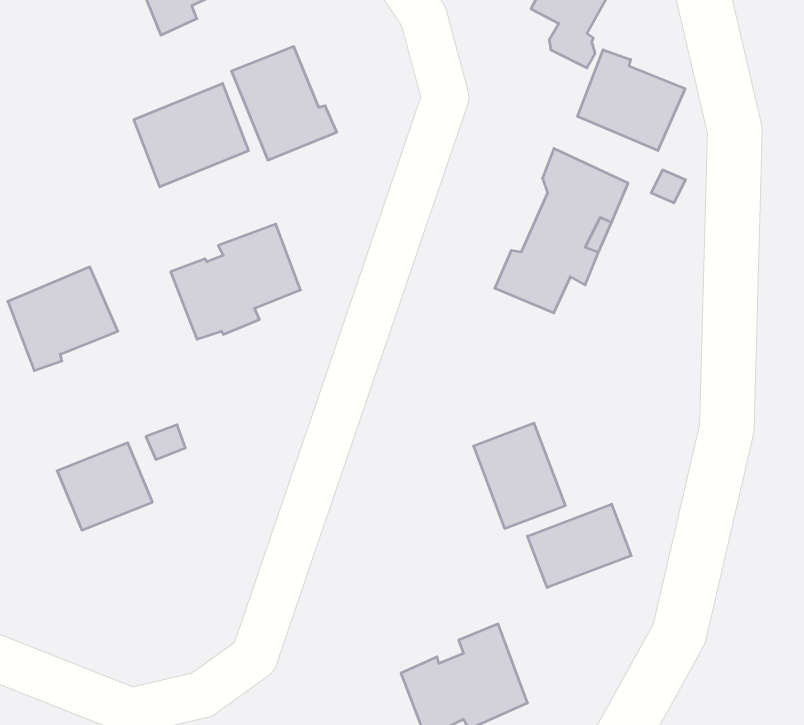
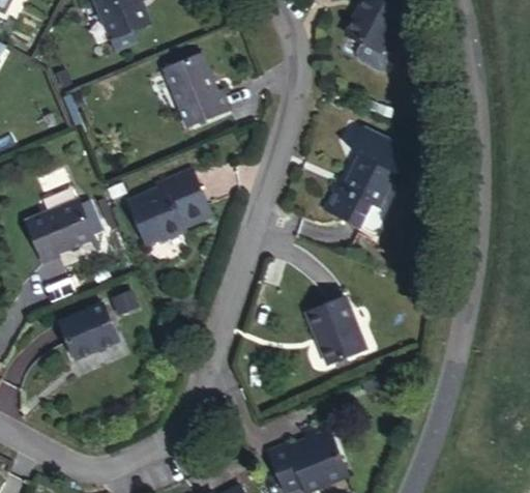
building: [578,50,685,151] -> none
building: [134,83,248,187] -> none
building: [527,504,631,588] -> none

